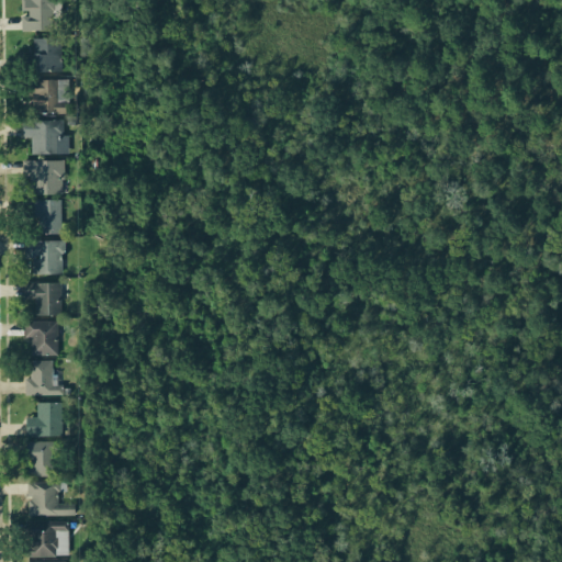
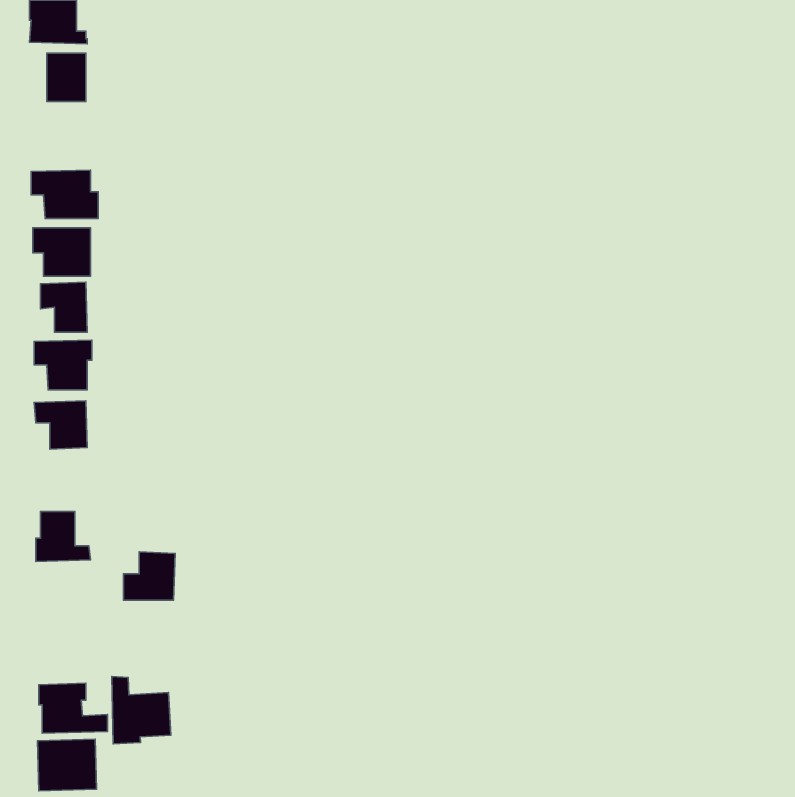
building: [32,79,68,113] -> none
building: [25,321,59,356] -> none
building: [27,402,64,436] -> [124,552,175,600]
building: [29,441,56,476] -> none
building: none -> [112,676,171,744]

